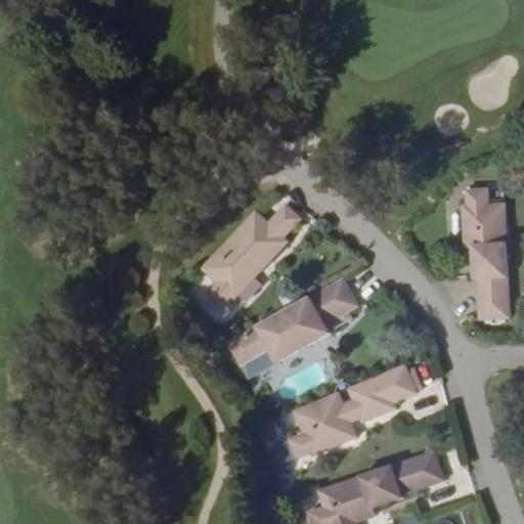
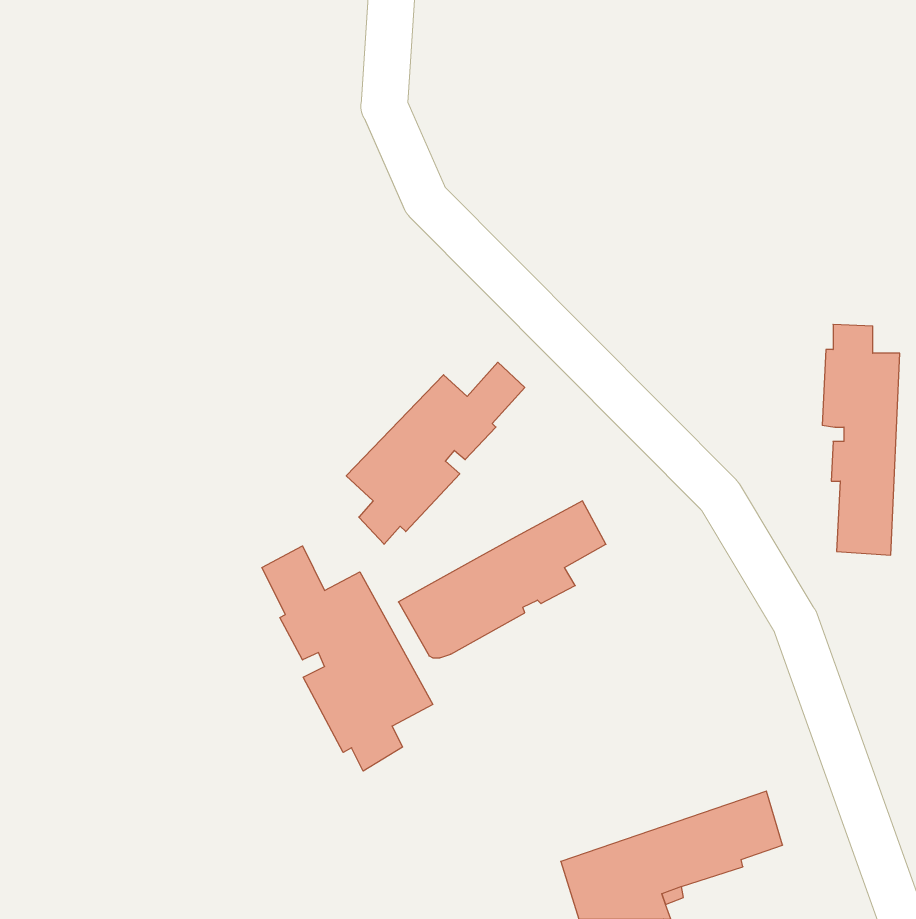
building: none -> [262,546,433,771]
building: [289,363,418,473] -> none

